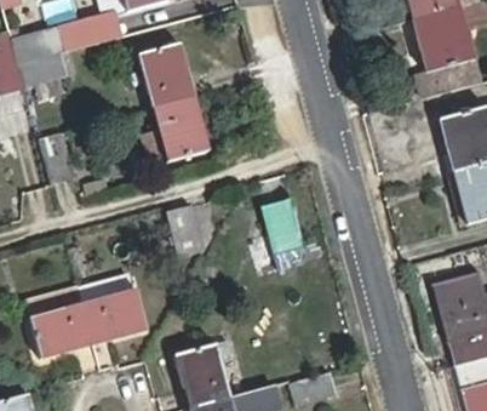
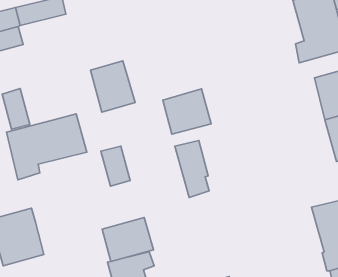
building: [139,44,194,108] -> none
building: none -> [163,89,211,134]
building: none -> [7,114,87,180]
building: [82,287,148,343] -> [102,218,154,261]

